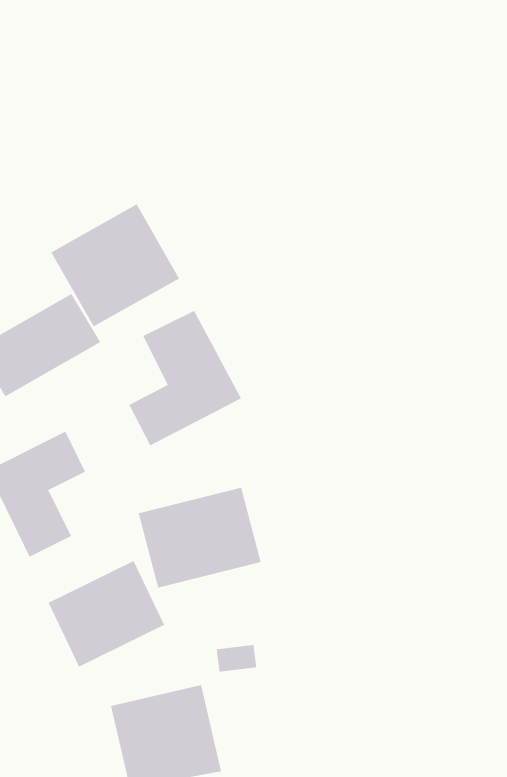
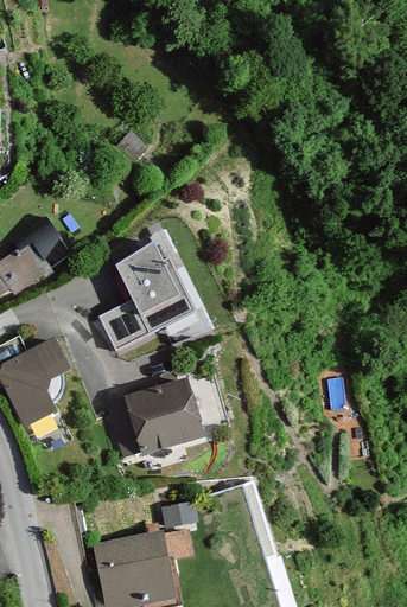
building: [50,204,180,327] -> none
building: [48,560,165,668] -> none

